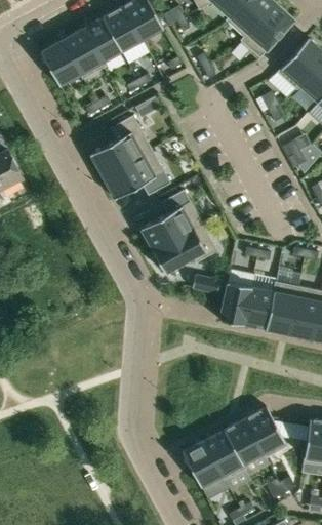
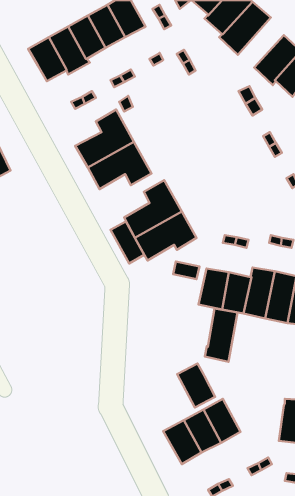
building: none -> [110,222,144,264]
building: none -> [205,309,238,362]
building: [244,407,284,453] -> [177,364,215,408]

